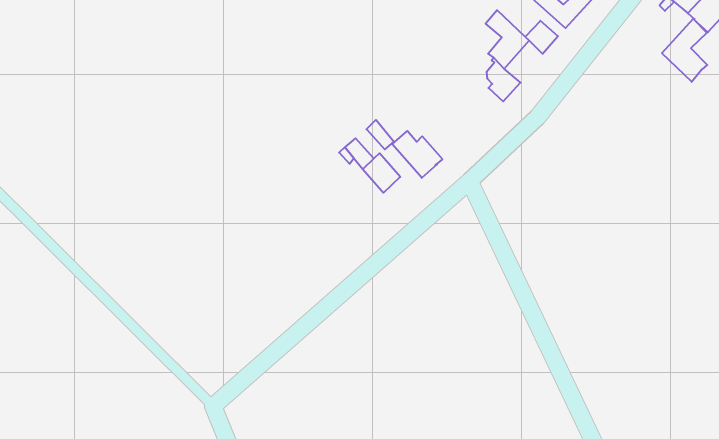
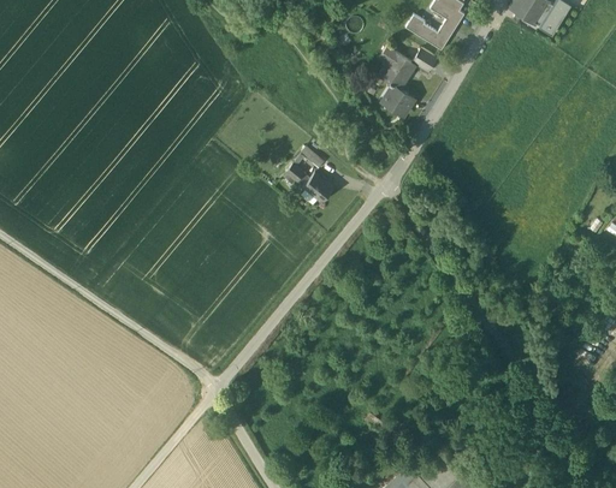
building: [662,19,707,82] -> none
building: [392,131,442,178] -> none

